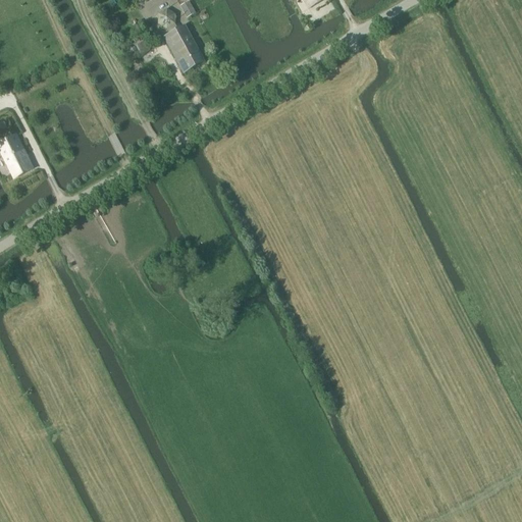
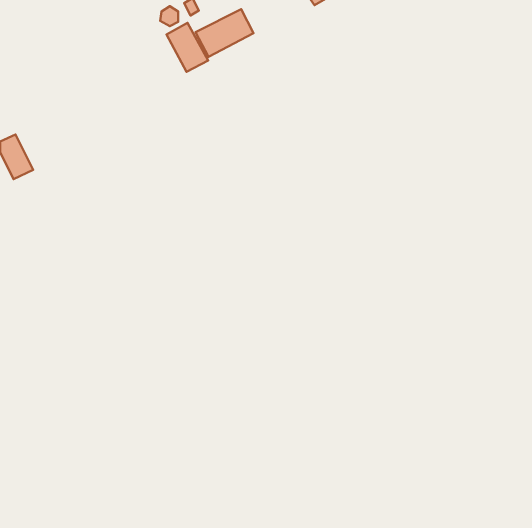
building: none -> [195,9,253,57]

